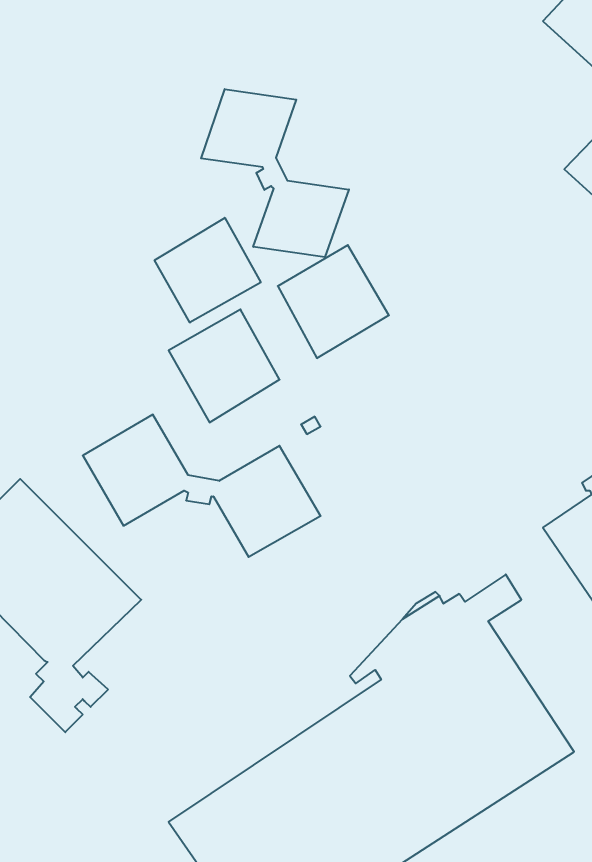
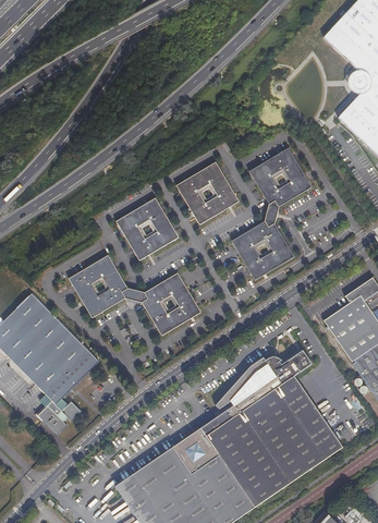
building: [201,89,349,257] -> none
building: [155,218,261,323] -> none
building: none -> [230,147,312,281]

